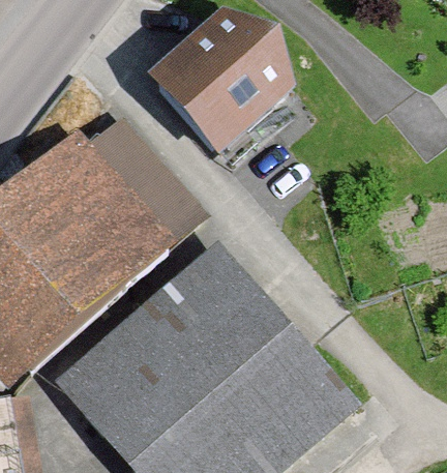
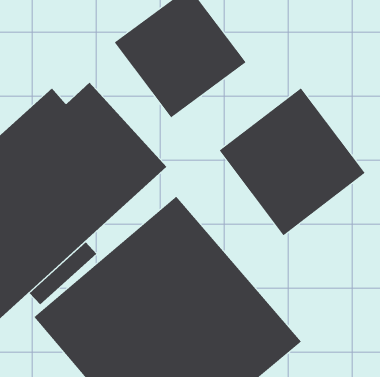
building: none -> [219,87,366,236]

